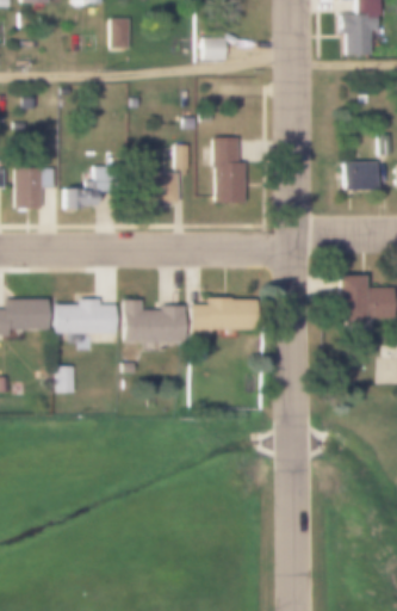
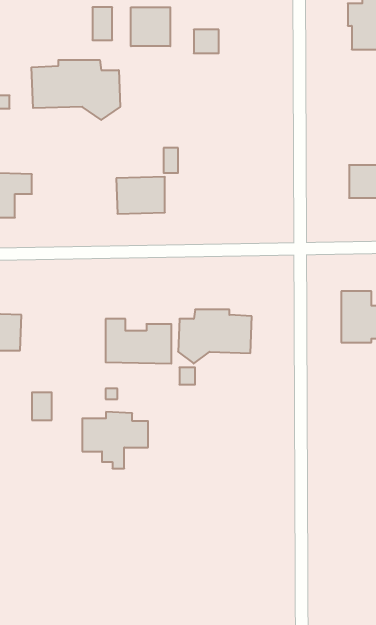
building: none -> [131,7,170,46]
building: none -> [32,60,120,120]
building: [213,135,246,204] -> none
building: [64,166,107,212] -> none
building: [55,297,114,348] -> [82,412,148,468]

